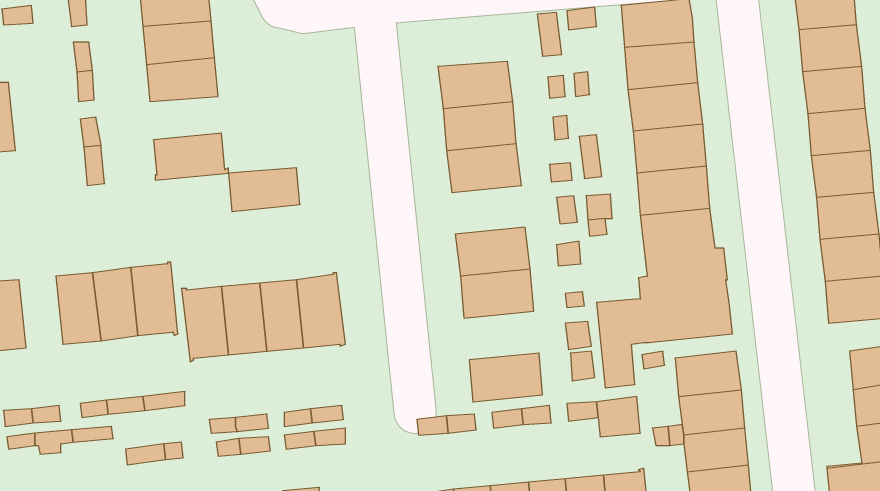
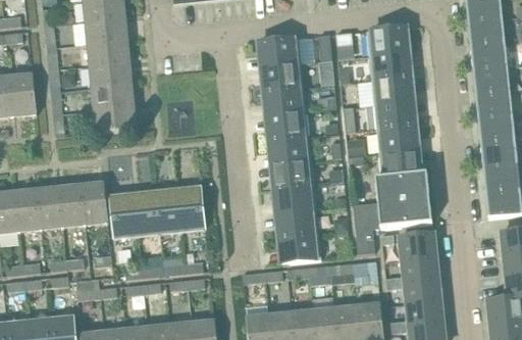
building: none -> [258,38,301,66]
building: none -> [9,72,37,115]
building: [228,168,300,212] -> [92,84,134,109]
building: none -> [268,136,311,164]
building: none -> [15,189,41,231]
building: none -> [275,209,319,238]

